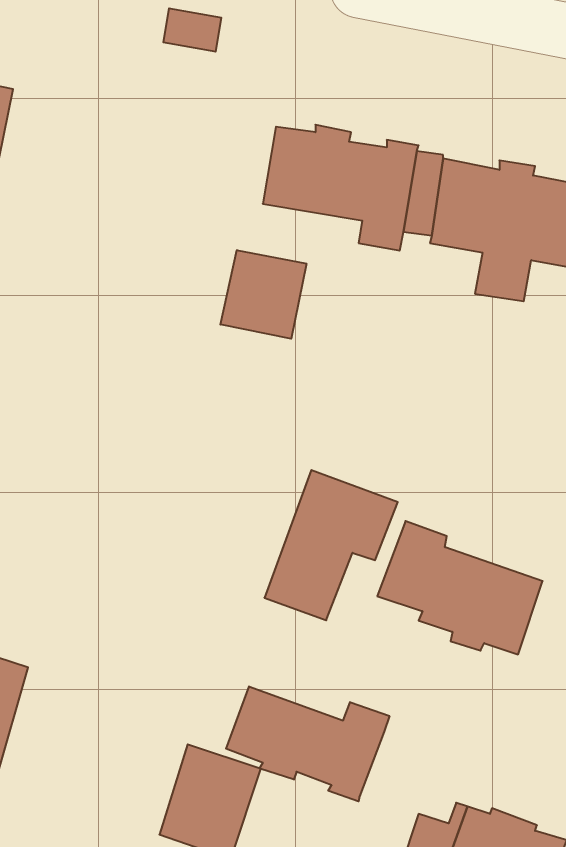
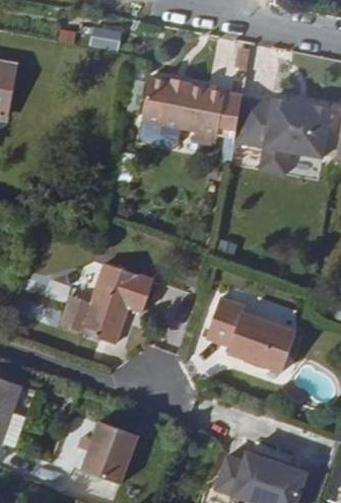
building: [220,250,306,339] -> none
building: [264,470,398,620] -> [81,261,153,342]
building: [226,686,389,801] -> none

